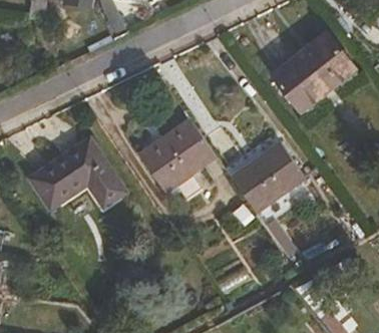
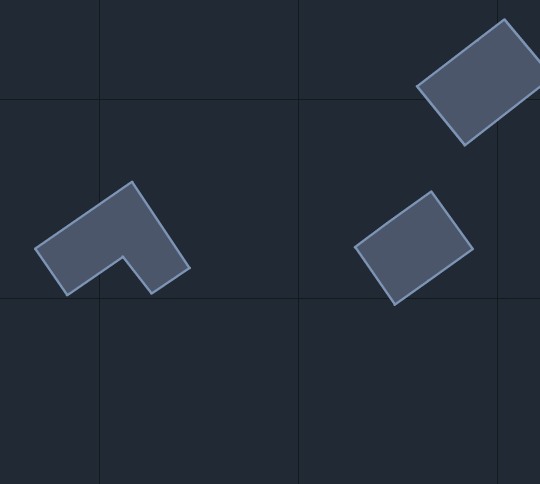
building: [139,118,216,194] -> none

